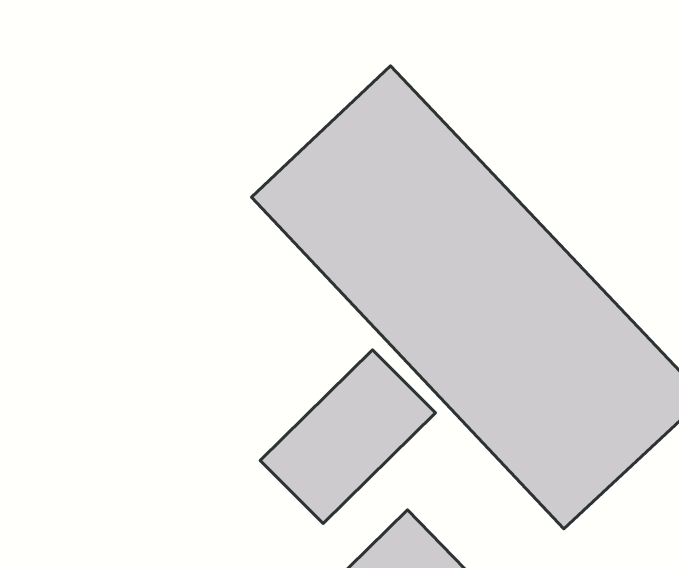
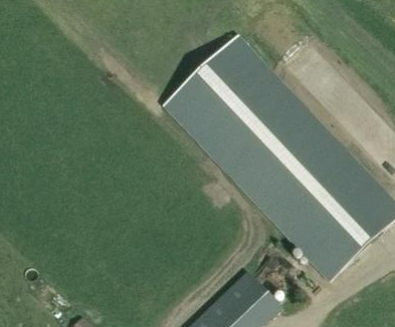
building: [260,350,436,524] -> none

